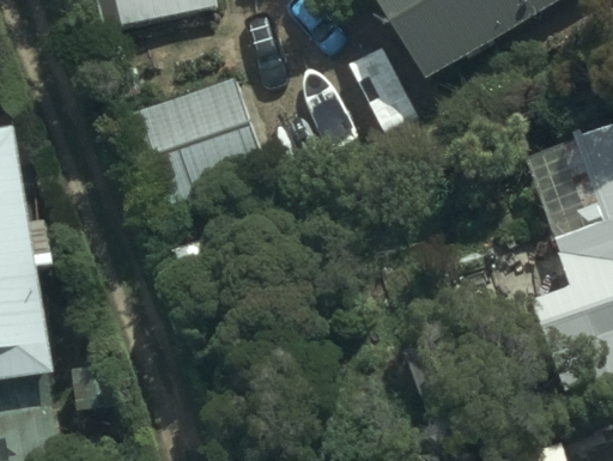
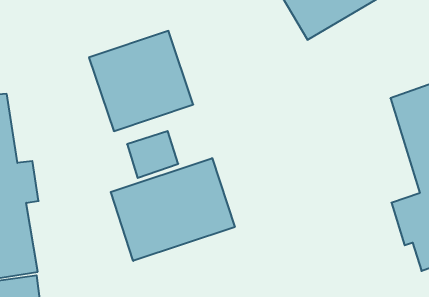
building: none -> [111,158,235,261]

